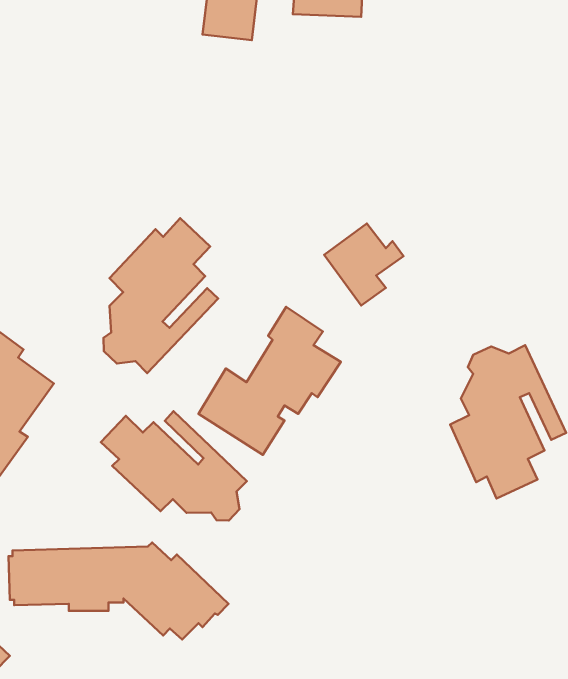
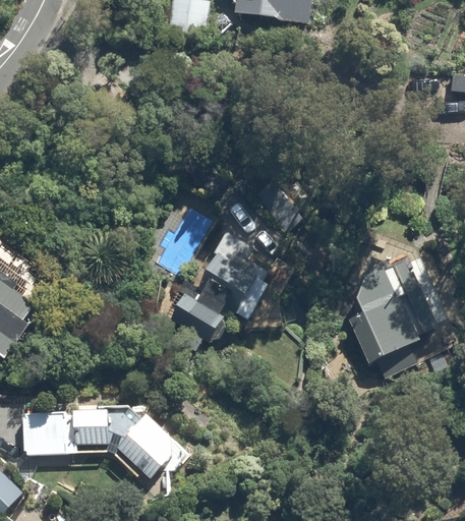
building: [104,218,218,373] -> none
building: [101,411,247,521] -> none

